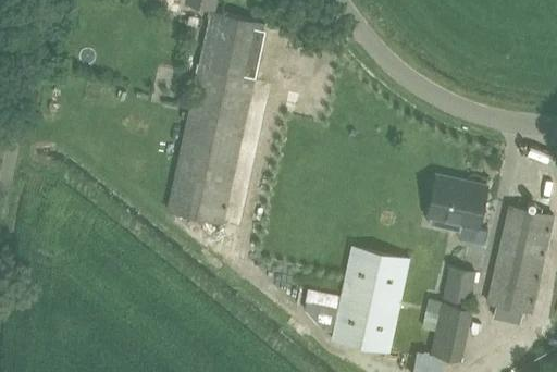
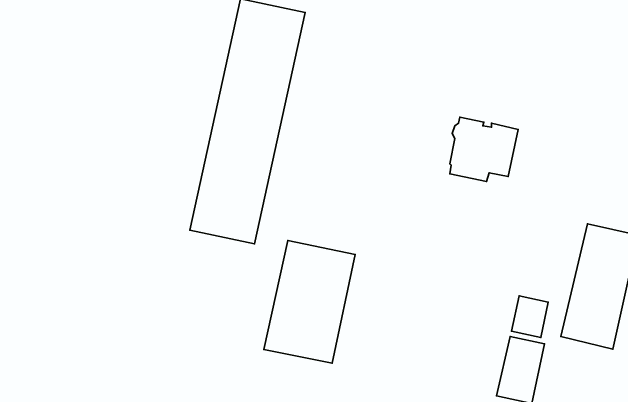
building: [428,177,486,233] -> [450,117,518,182]
building: [331,248,409,354] -> [264,241,355,363]

